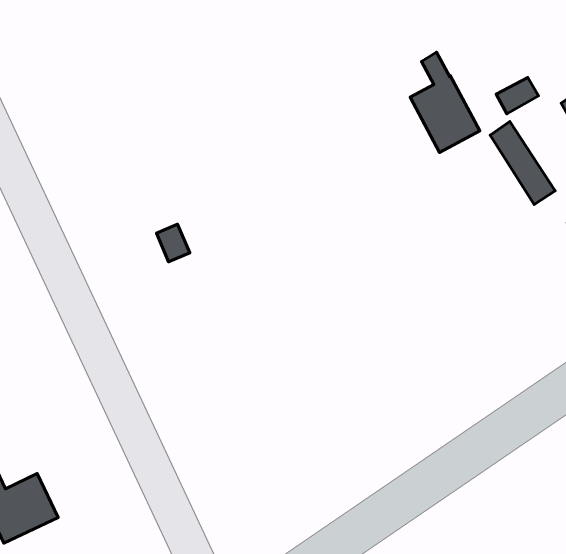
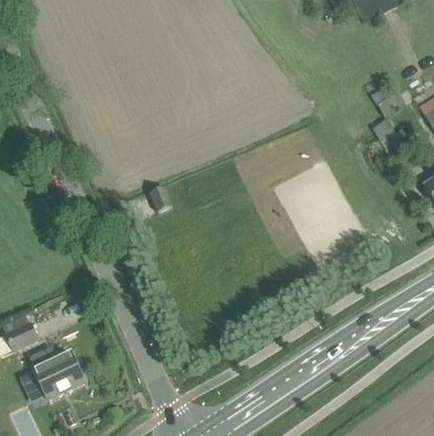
building: [410,52,480,152] -> none

